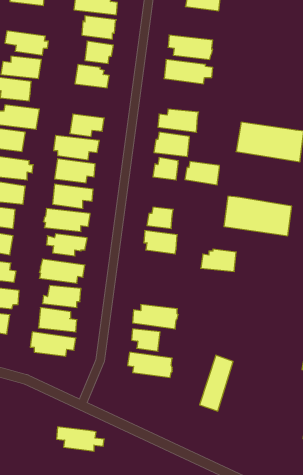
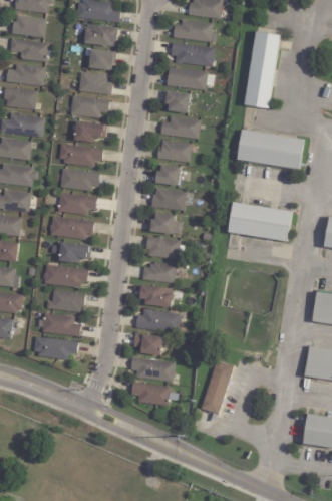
building: none -> [11,14,46,37]
building: none -> [173,18,213,41]
building: none -> [244,29,281,106]
building: none -> [165,90,191,112]
building: none -> [71,95,110,118]
building: [185,161,219,185] -> [151,188,186,211]
building: [201,249,236,271] -> [142,261,178,283]
building: none -> [139,284,175,307]
building: [57,427,104,451] -> [131,382,179,406]

